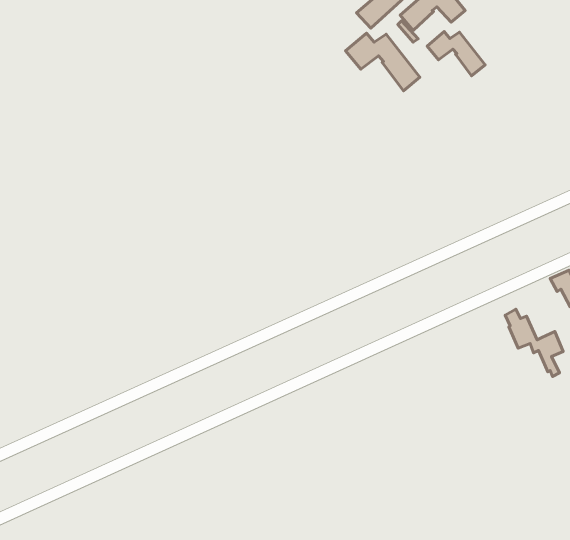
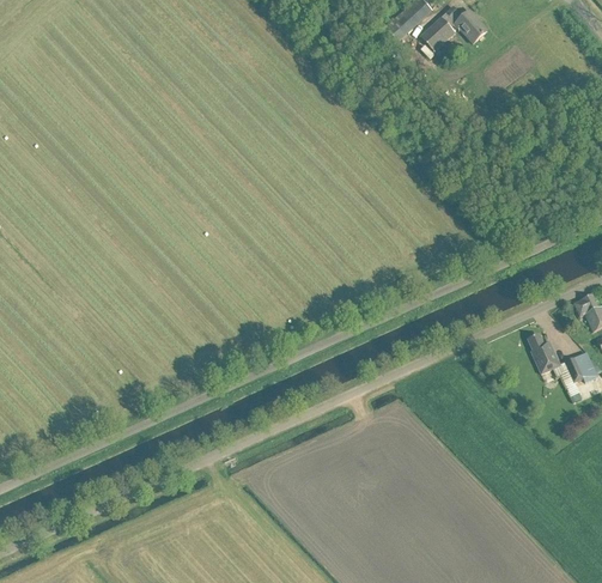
building: [427,32,485,76] -> none
building: [346,33,420,91] -> none

